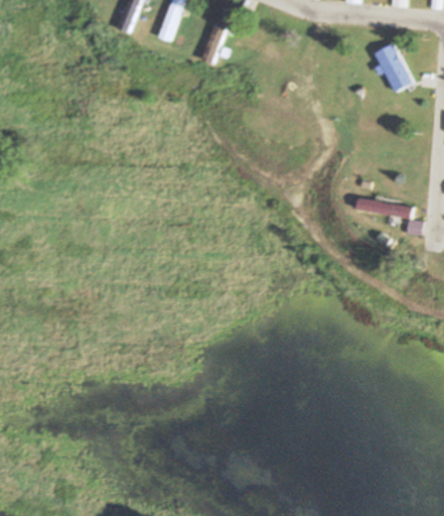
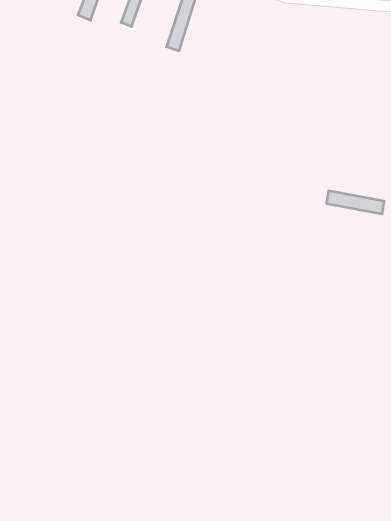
building: [374,42,411,91] -> none

